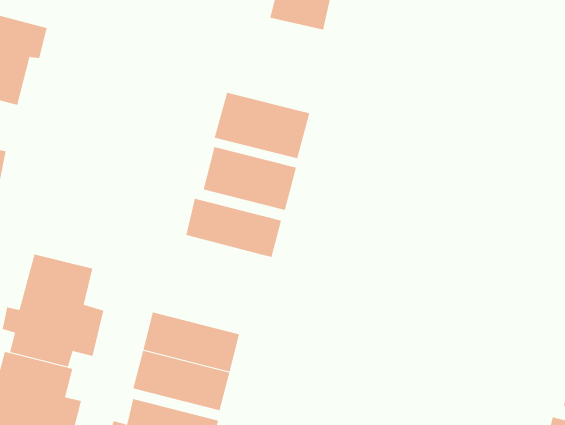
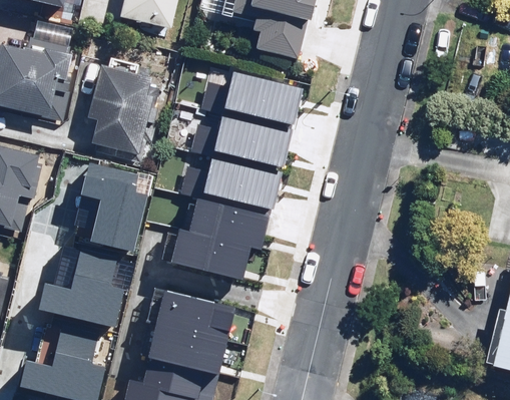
building: none -> [92,70,156,162]
building: none -> [222,71,299,122]
building: none -> [77,159,144,250]
building: none -> [167,226,245,279]

